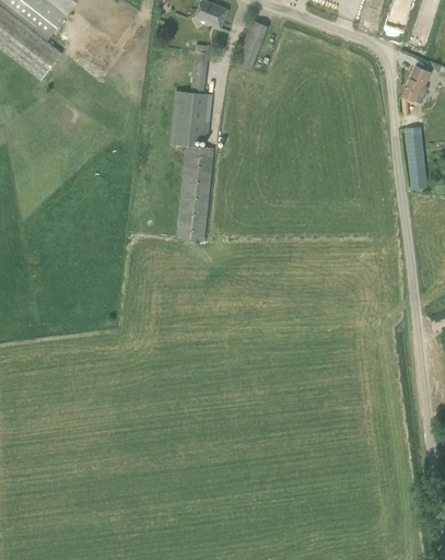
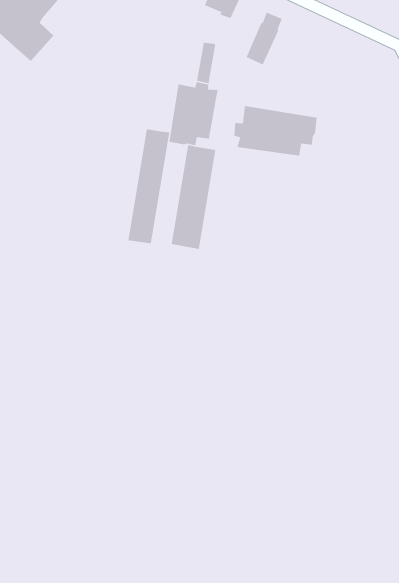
building: none -> [233,105,318,157]
building: none -> [128,129,170,244]

